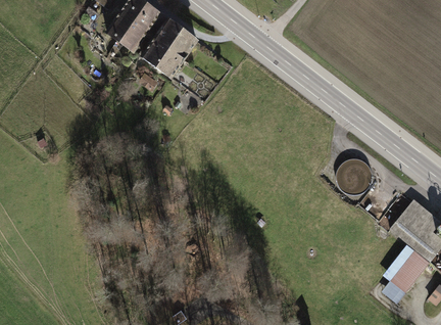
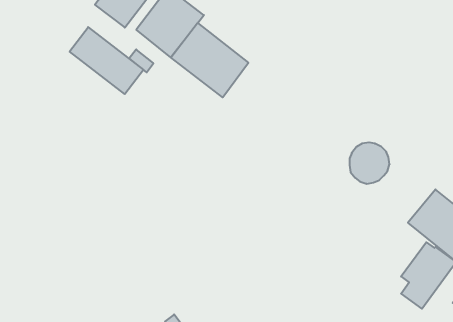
building: none -> [171,23,248,97]
building: none -> [70,27,143,94]

